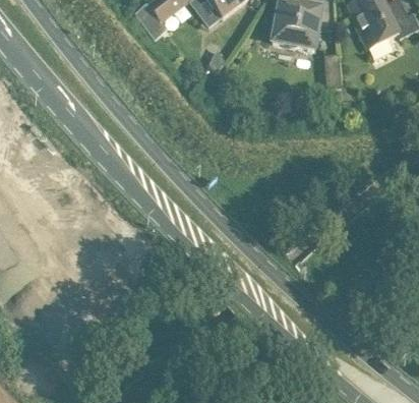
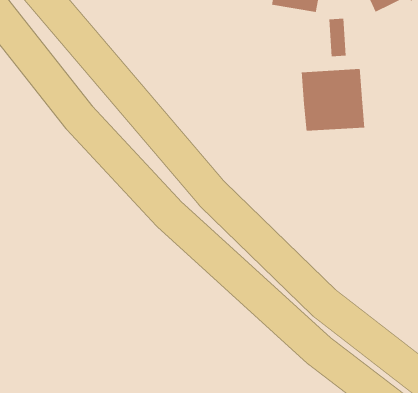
building: none -> [301,68,365,132]

